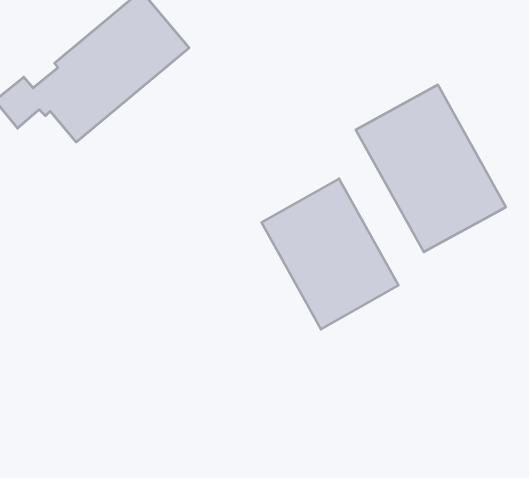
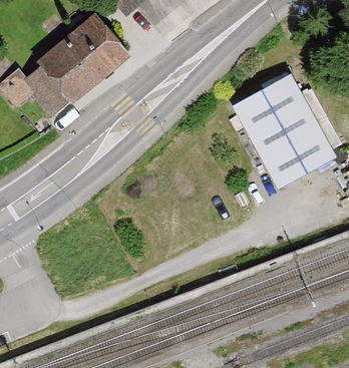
building: [262,179,398,329] -> none

